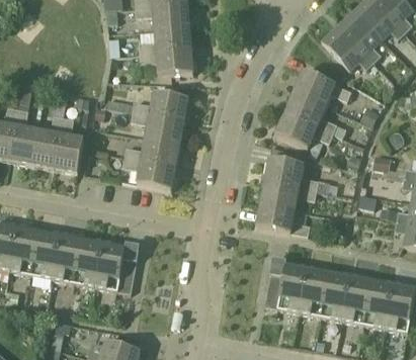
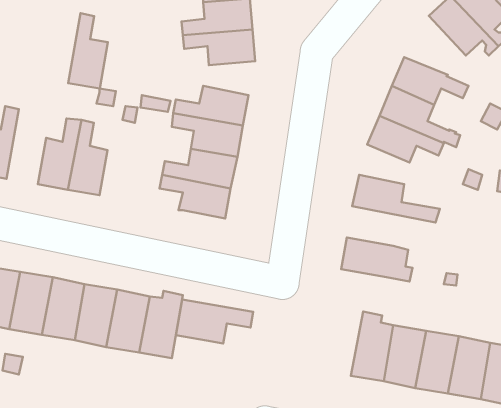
building: [9,107,38,163] -> [68,13,108,89]
building: [261,179,317,208] -> none
building: none -> [176,300,253,344]

